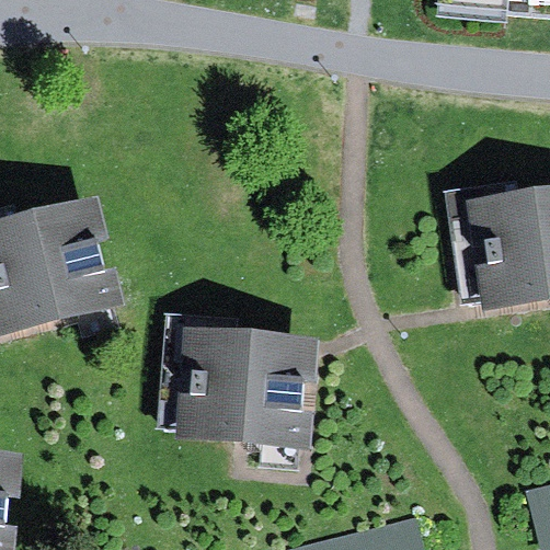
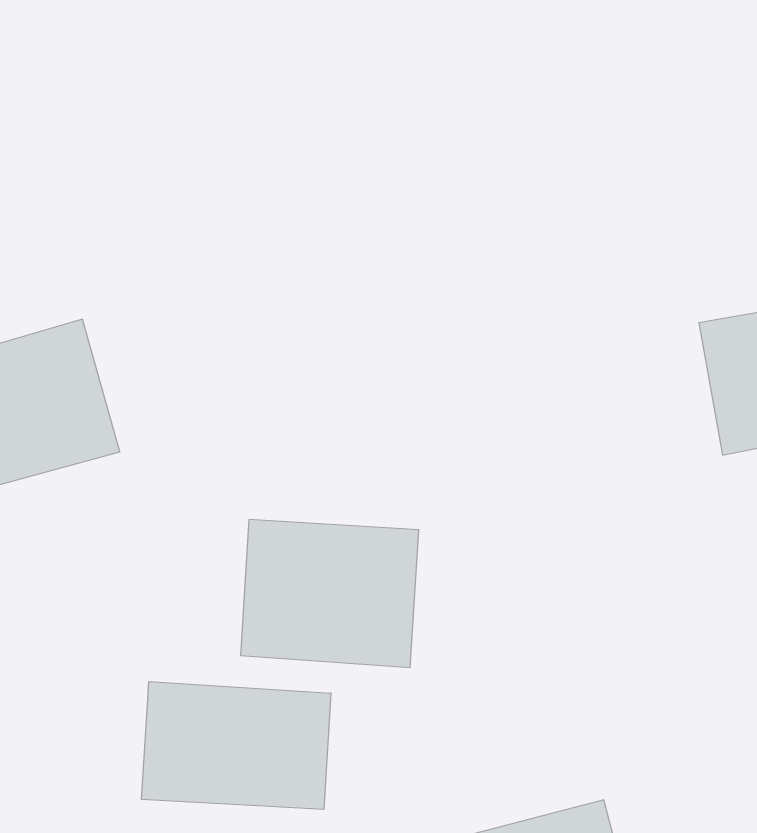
building: none -> [142,682,331,809]

